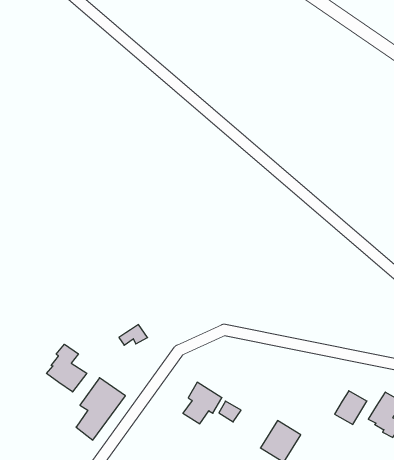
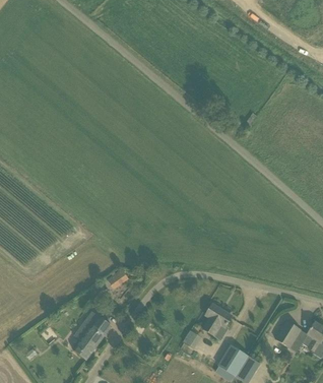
building: [47,344,87,392] -> none
building: [183,382,222,424] -> [201,302,232,334]

